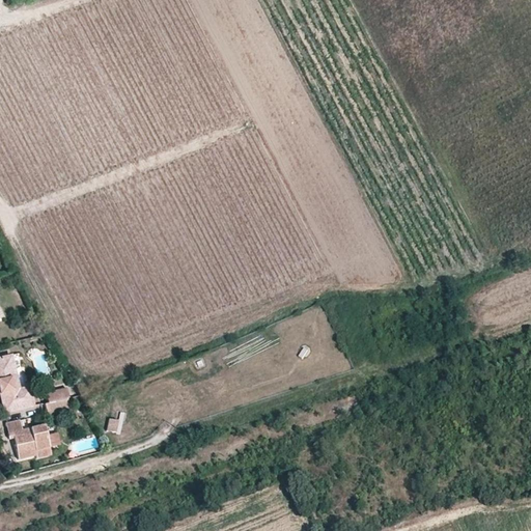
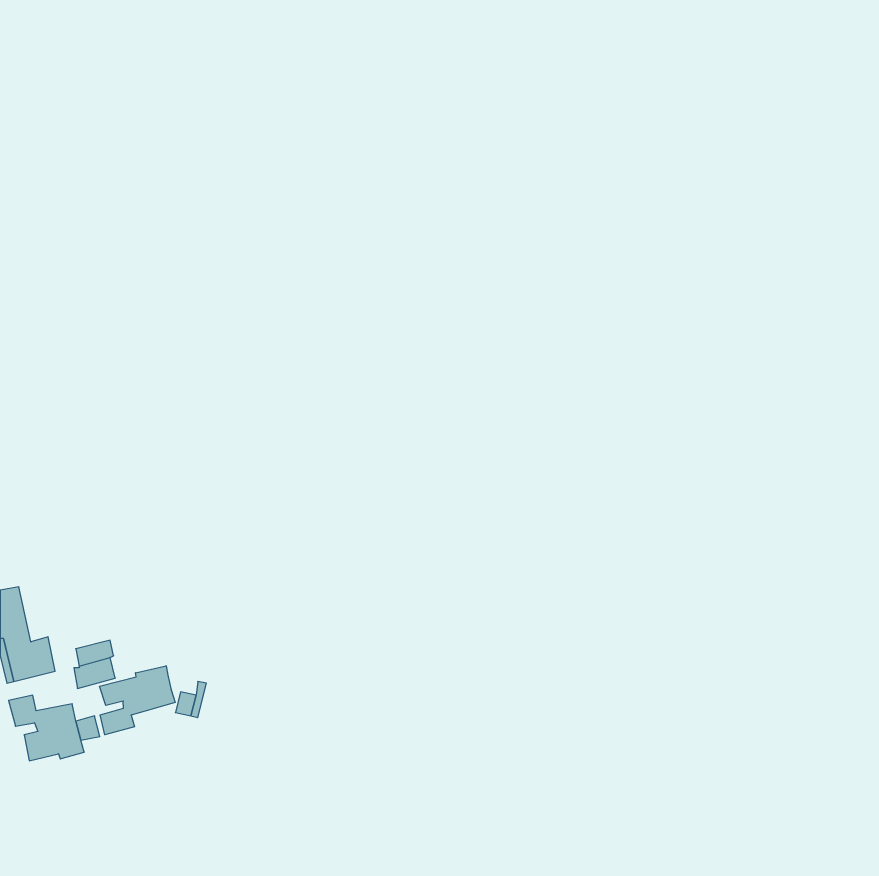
building: none -> [100,666,175,735]

